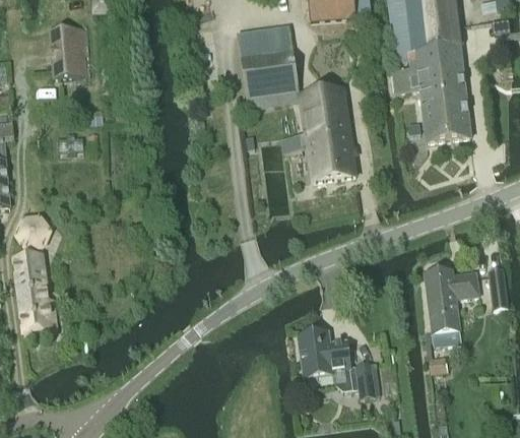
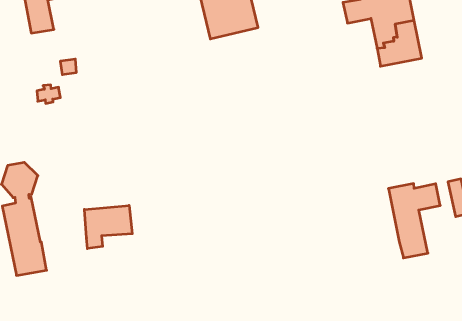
building: [282,87,356,178] -> none
building: none -> [84,205,132,249]
building: [298,329,375,396] -> none

